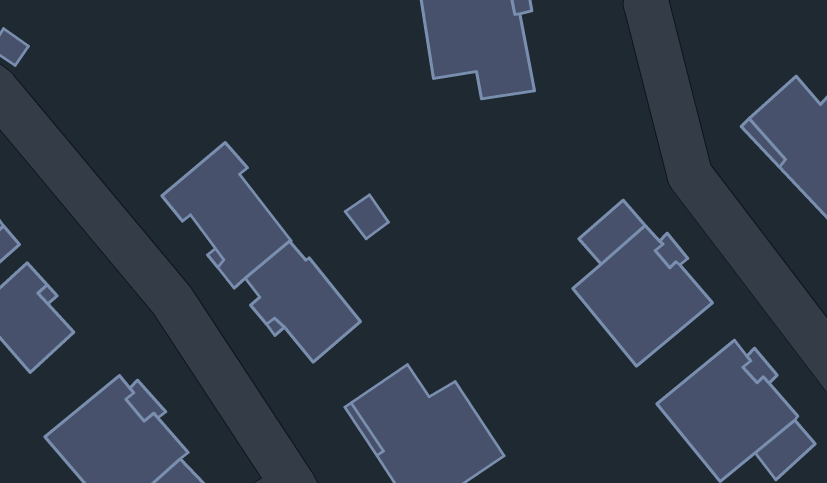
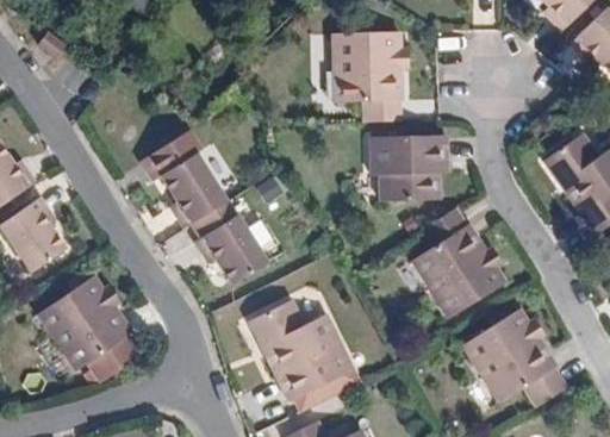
building: none -> [368,135,444,200]

